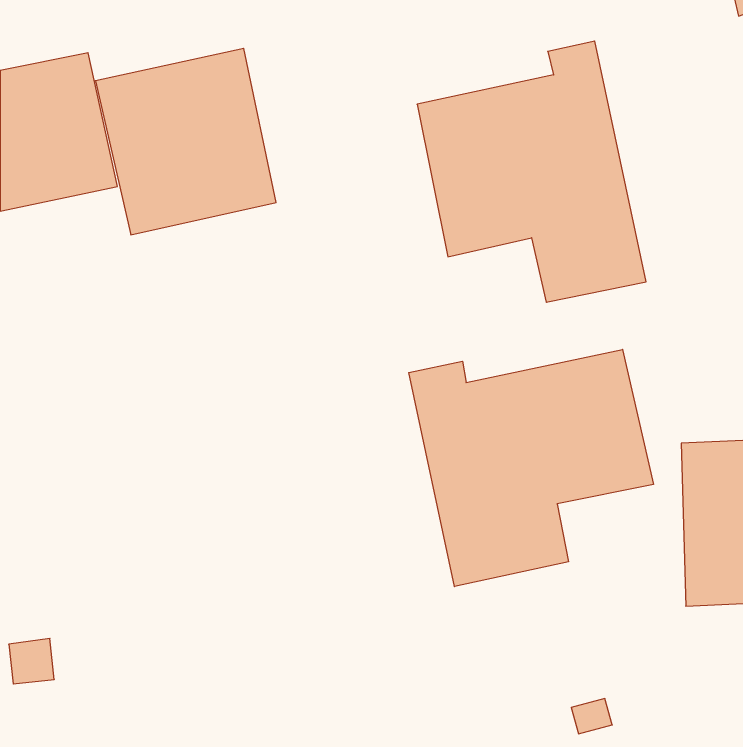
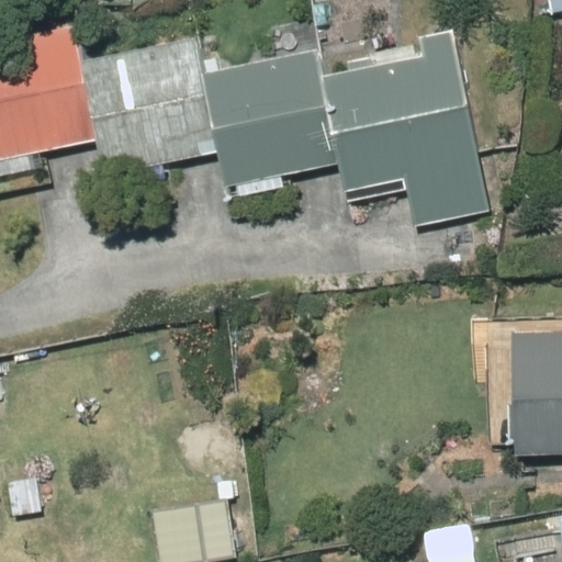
building: none -> [196,49,333,186]
building: [409,349,653,587] -> none

